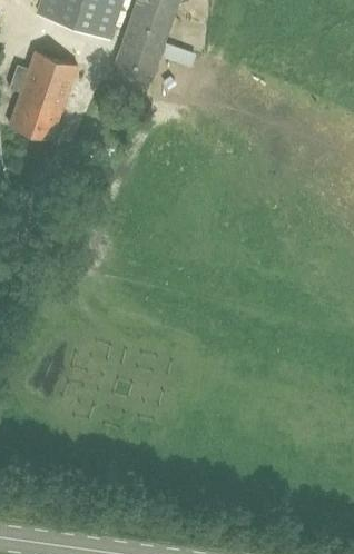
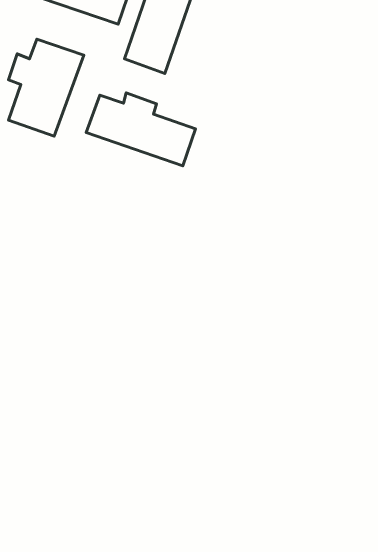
building: none -> [86,93,196,166]

